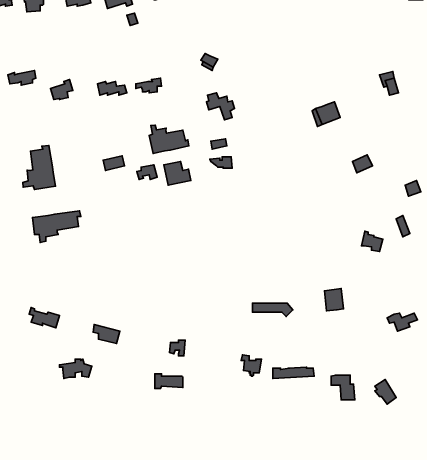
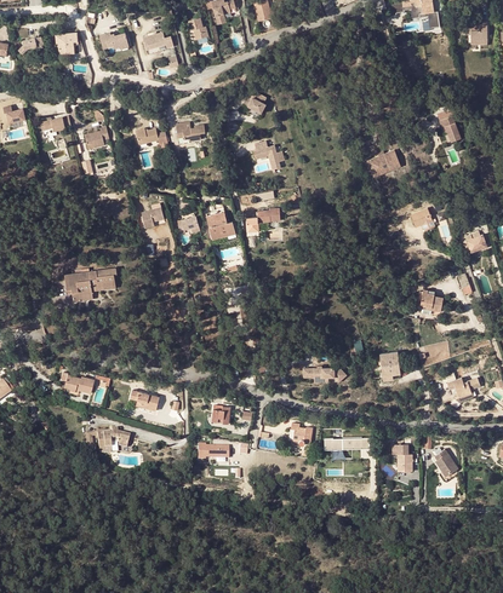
building: [149,125,189,153] -> none
building: [23,145,55,189] -> none

